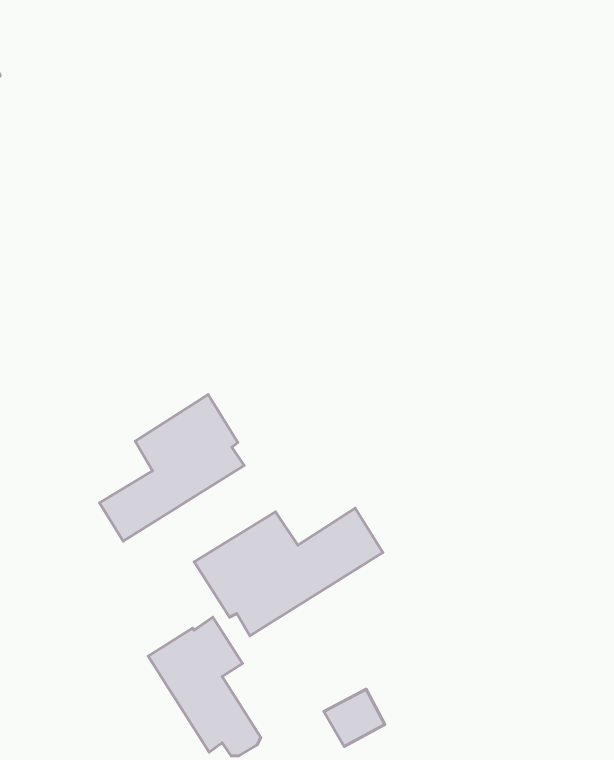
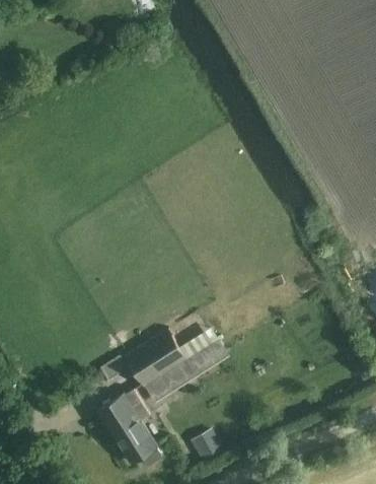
building: [99,395,244,541] -> none

